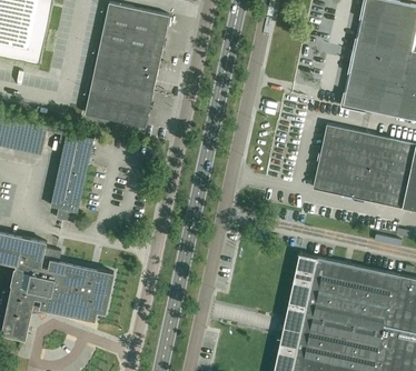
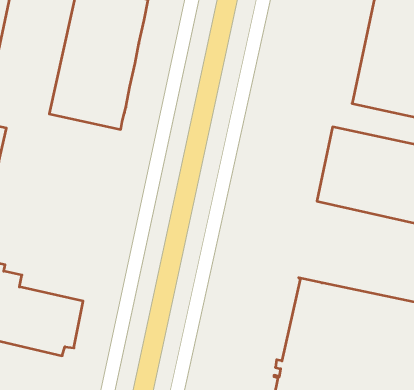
building: [51,130,95,223] -> none

